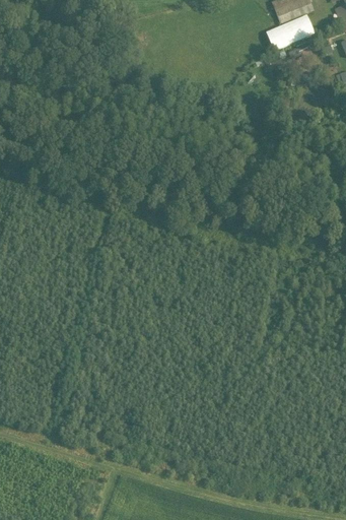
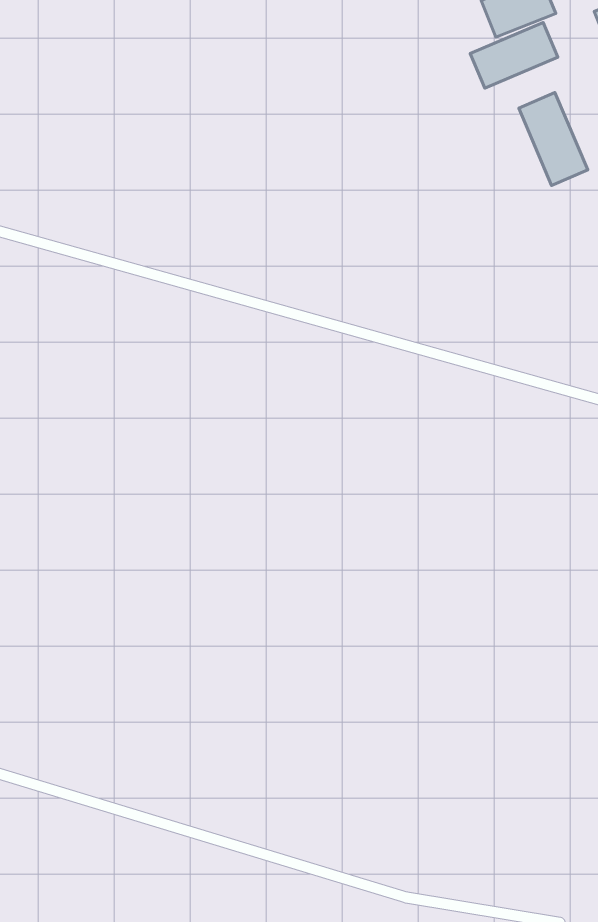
building: none -> [519,93,588,185]

